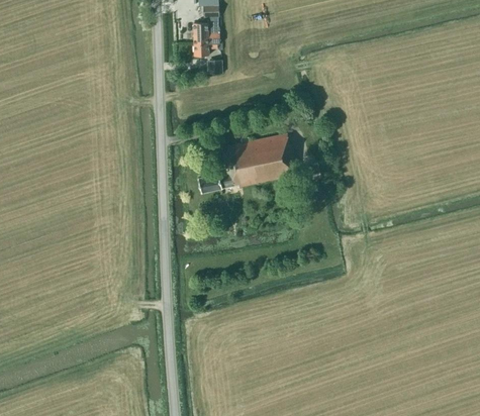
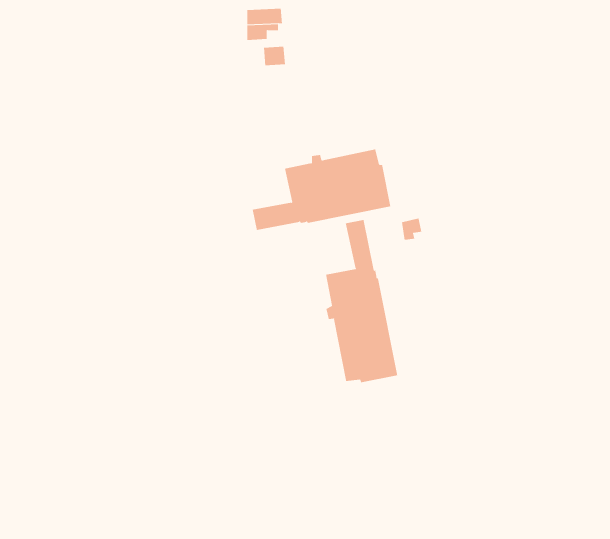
building: none -> [325,219,398,383]

